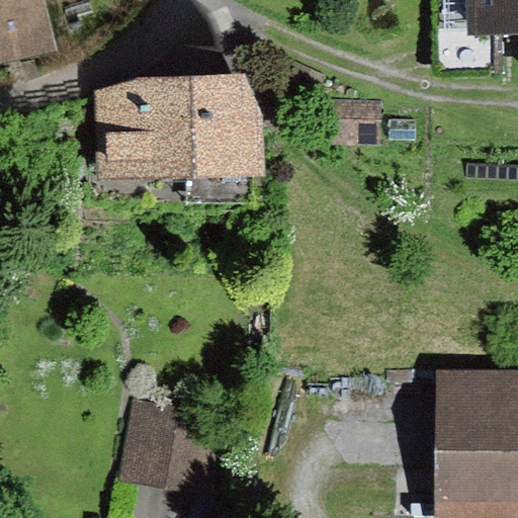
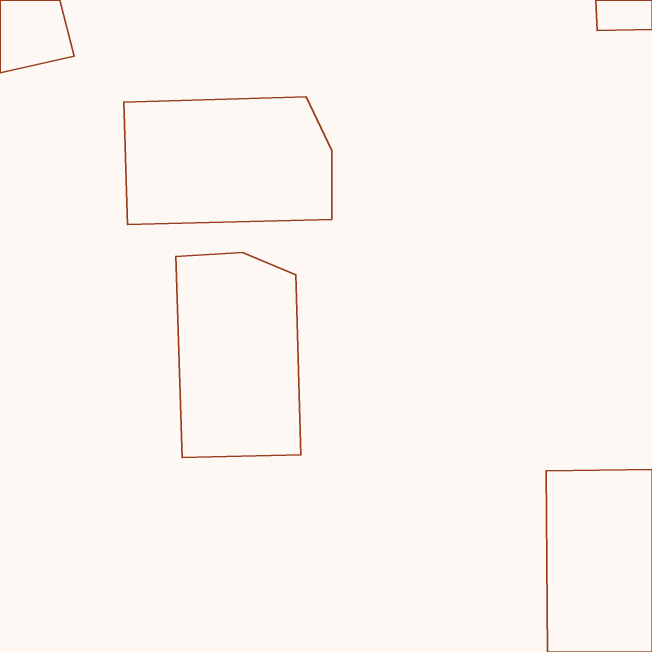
building: none -> [176,253,301,458]
building: [109,413,212,501] -> none

